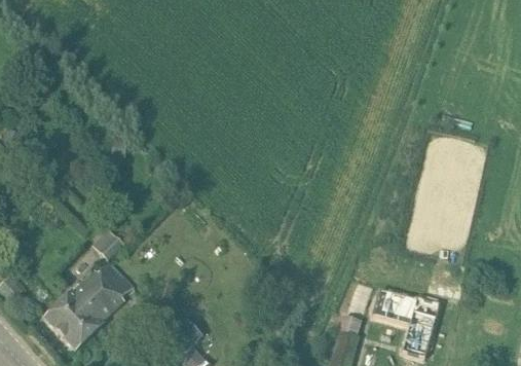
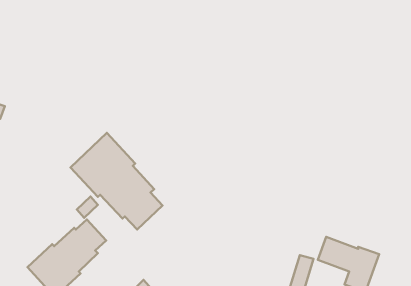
building: none -> [70,133,163,229]

